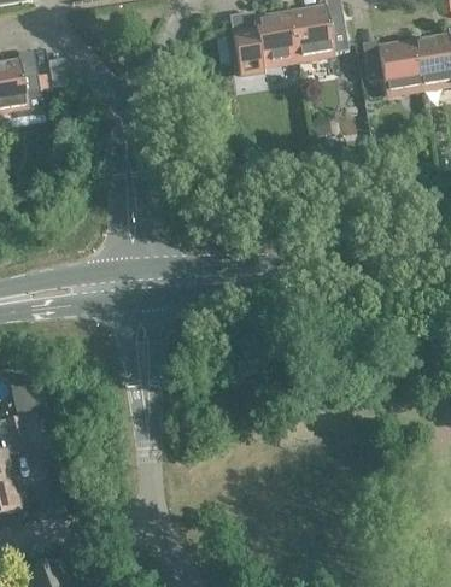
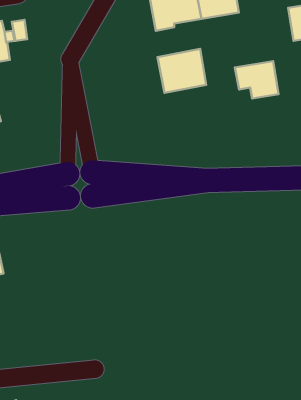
building: [362,41,420,90] -> [235,61,279,99]
building: none -> [157,49,206,93]

